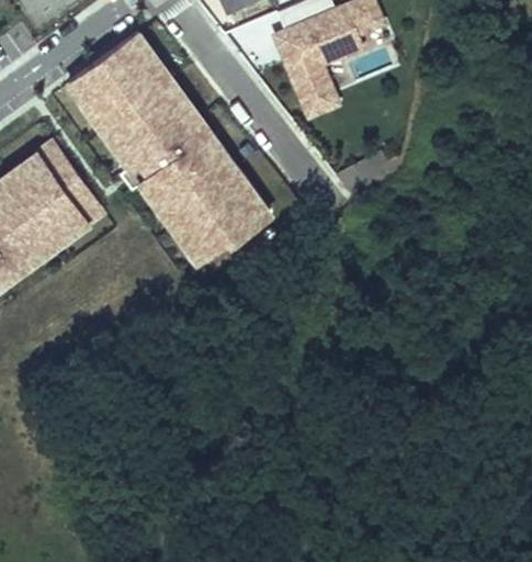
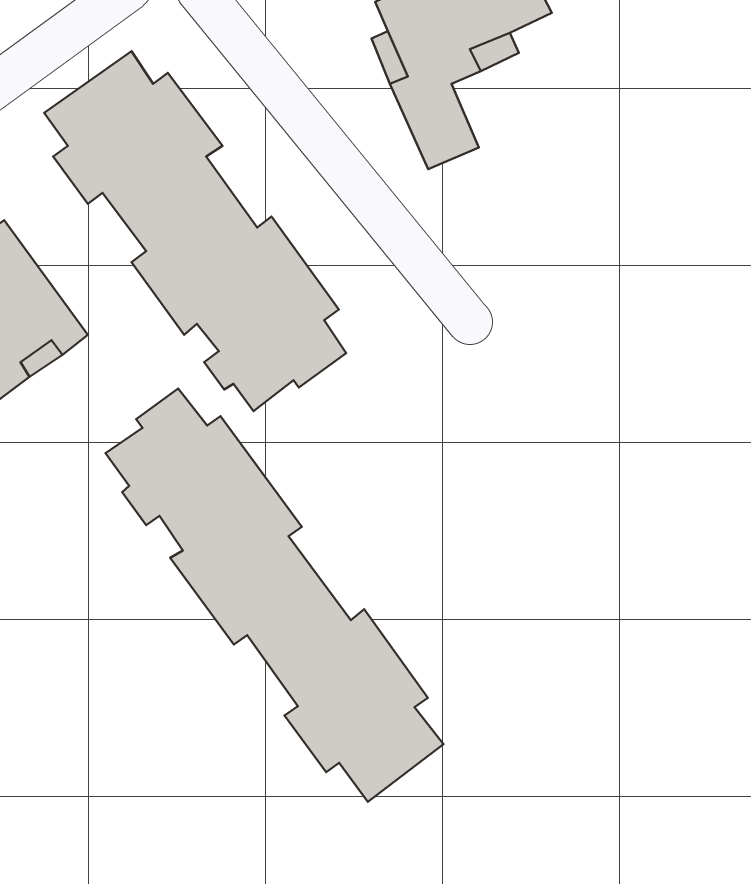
building: none -> [105,388,444,802]

